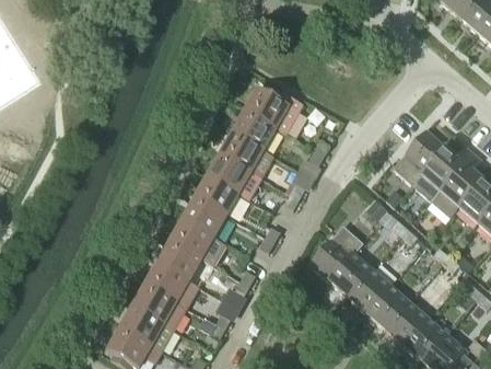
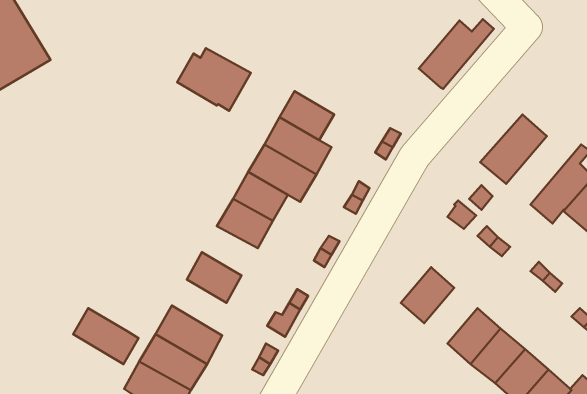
building: [244,83,303,134] -> [177,48,251,111]
building: [413,146,474,201] -> [419,19,494,89]
building: [169,219,226,266] -> none
building: [309,224,363,280] -> none
building: [145,262,198,307] -> [73,308,139,364]
building: [348,268,390,313] -> none

